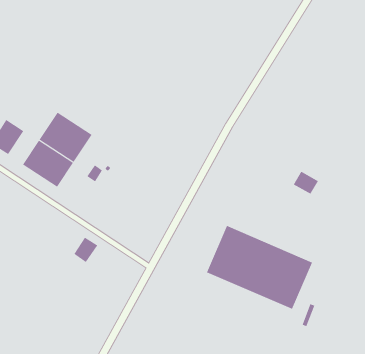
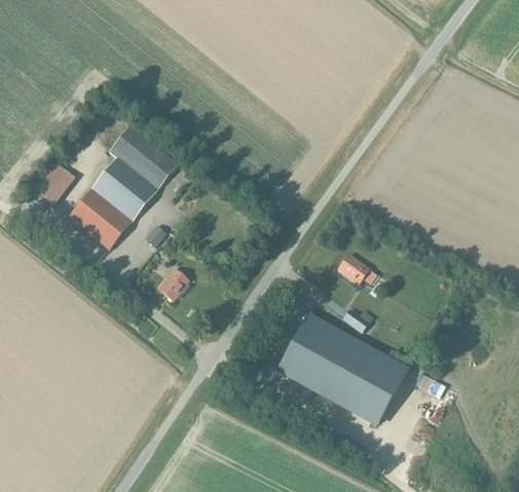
building: none -> [109,125,177,189]
building: [293,171,319,195] -> [337,254,369,283]
building: [73,237,98,263] -> [158,268,189,300]

